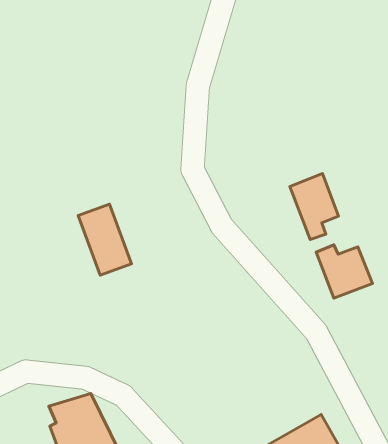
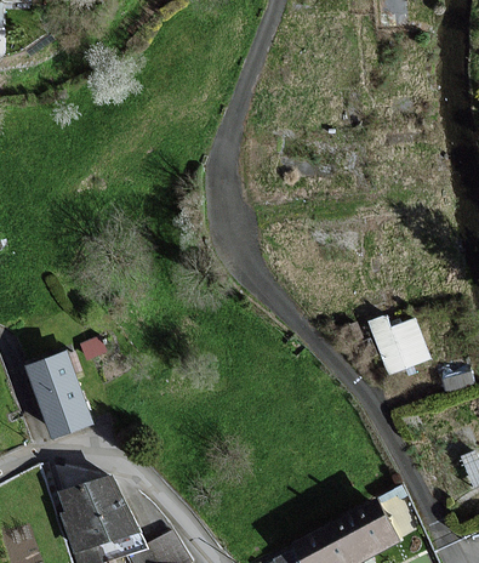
building: [290,174,339,240] -> none
building: [78,204,132,275] -> [25,354,87,437]

